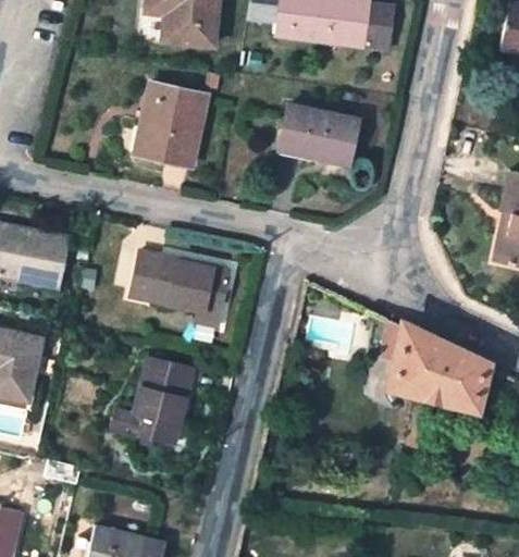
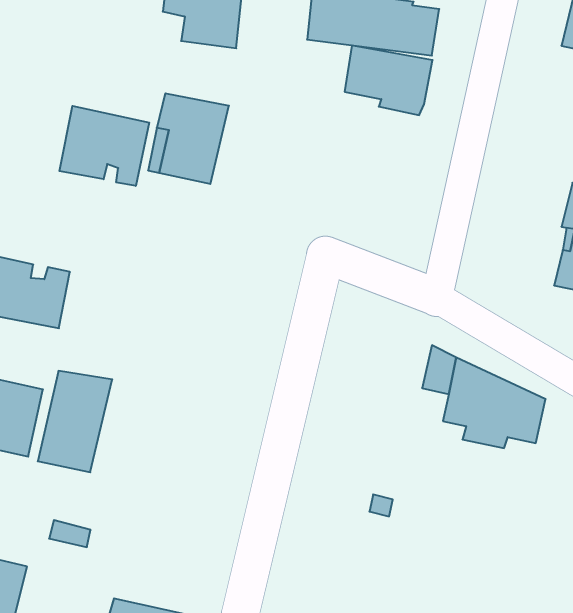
building: none -> [59,106,149,186]
building: [280,104,358,166] -> [345,45,433,115]
building: [128,257,226,321] -> none
building: [127,363,194,454] -> [38,371,112,472]

